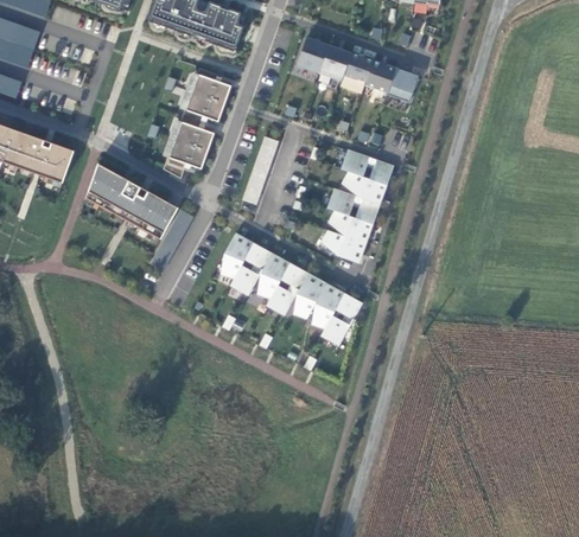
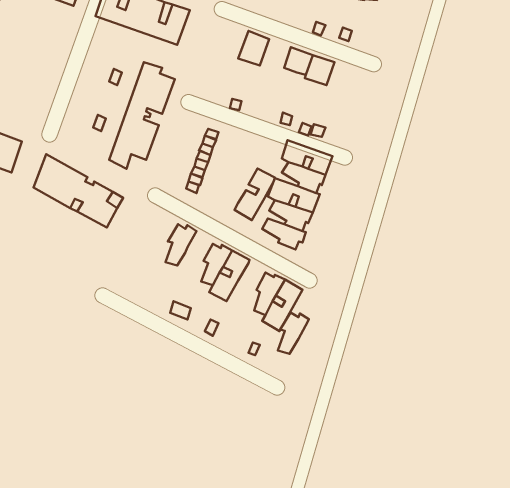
building: [318,44,350,79] -> none
building: [386,68,418,101] -> none
building: [229,242,271,295] -> [235,168,275,220]
building: [293,275,325,318] -> [278,312,309,354]

